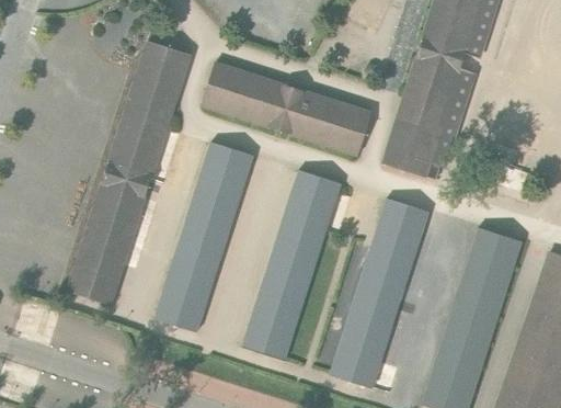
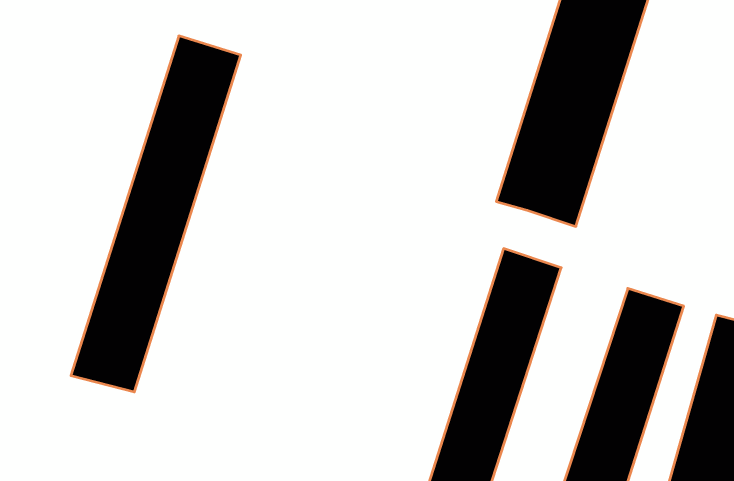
building: [202,63,373,156] -> none
building: [154,143,254,333] -> none
building: [243,171,341,361] -> none

